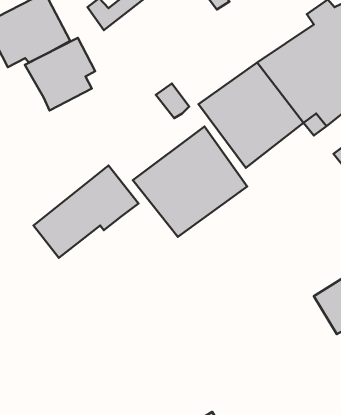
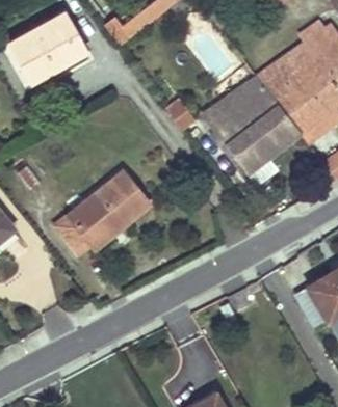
building: [25,38,95,111] -> none
building: [133,126,247,237] -> none

